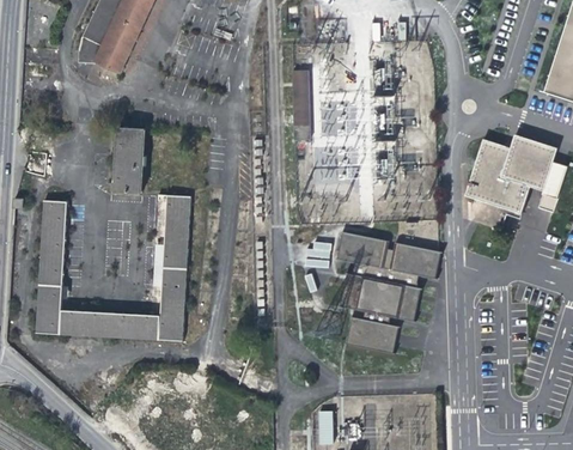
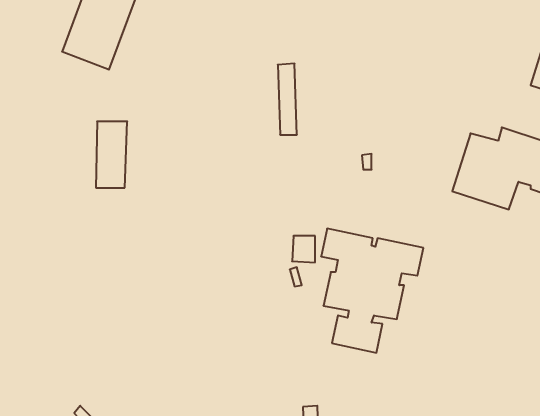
building: [36,194,190,340] -> none

